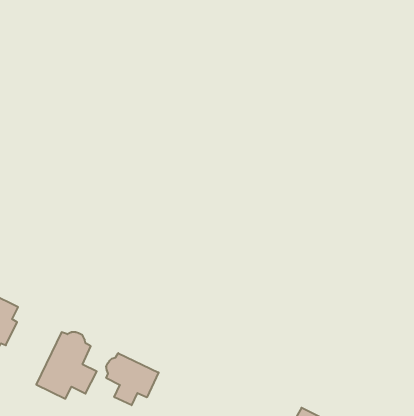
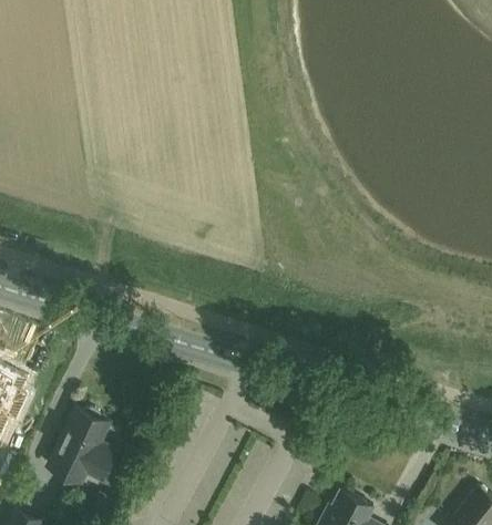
building: [106,353,159,405] -> none

